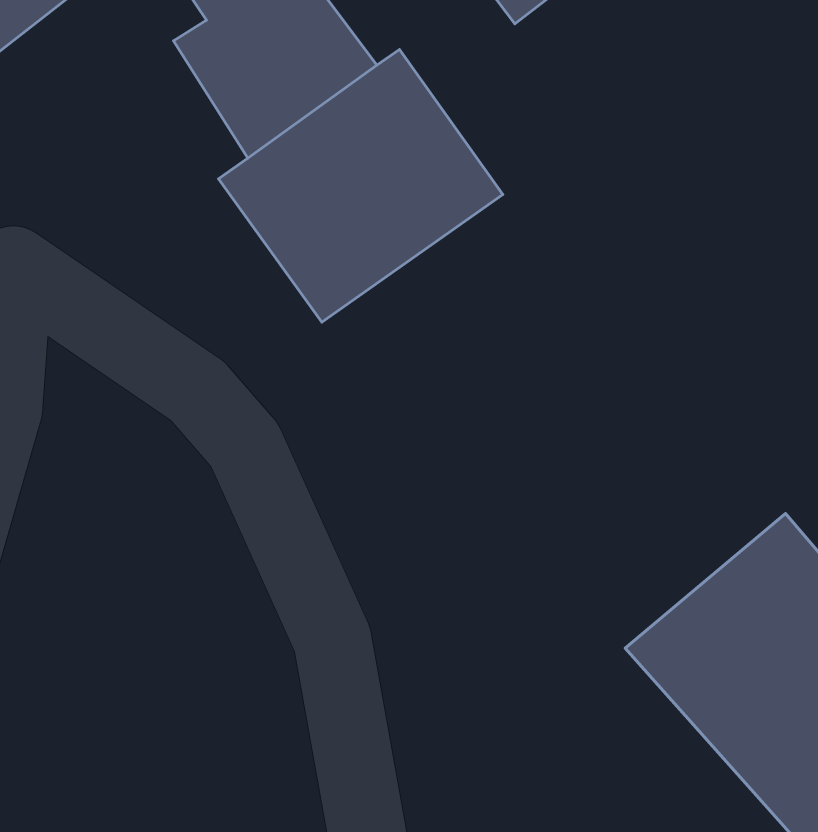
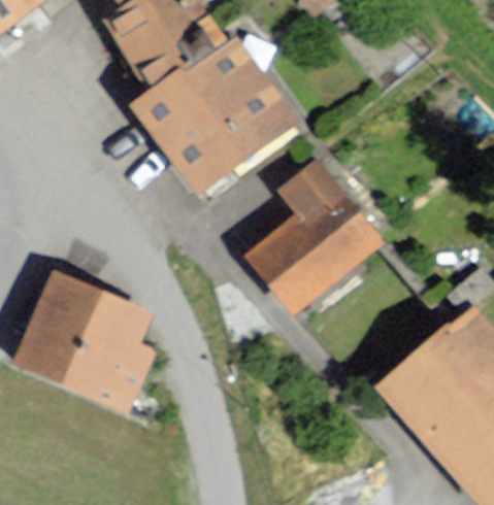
building: none -> [249,166,380,312]
building: none -> [18,275,155,410]

